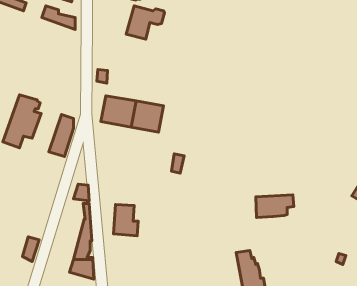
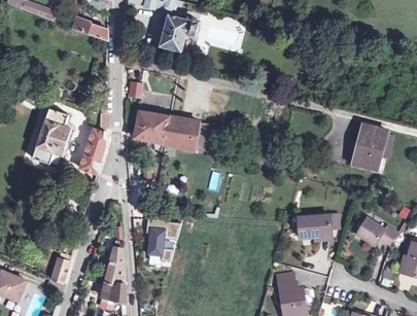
building: none -> [349,124,384,169]
building: none -> [354,218,396,248]

